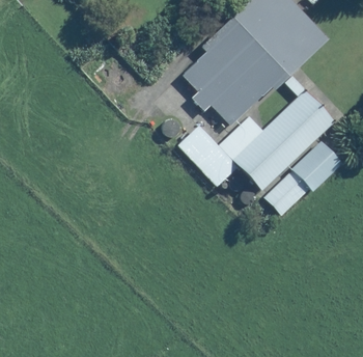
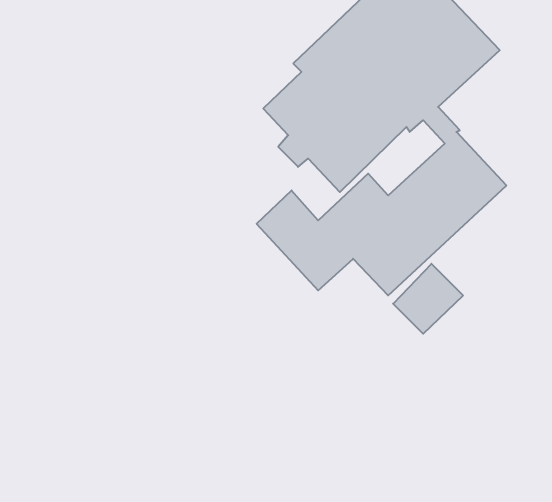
building: [289,140,341,191] -> none

